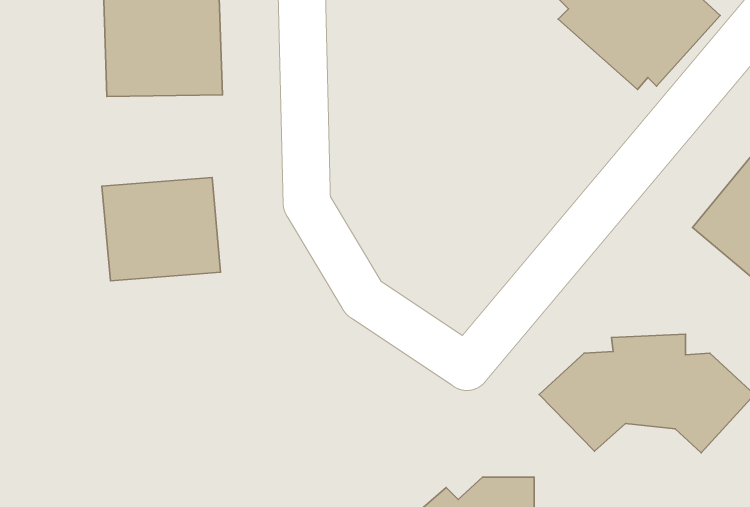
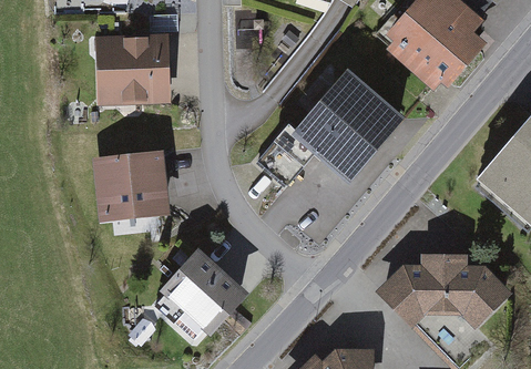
building: none -> [290,73,407,188]
building: none -> [160,249,248,337]

